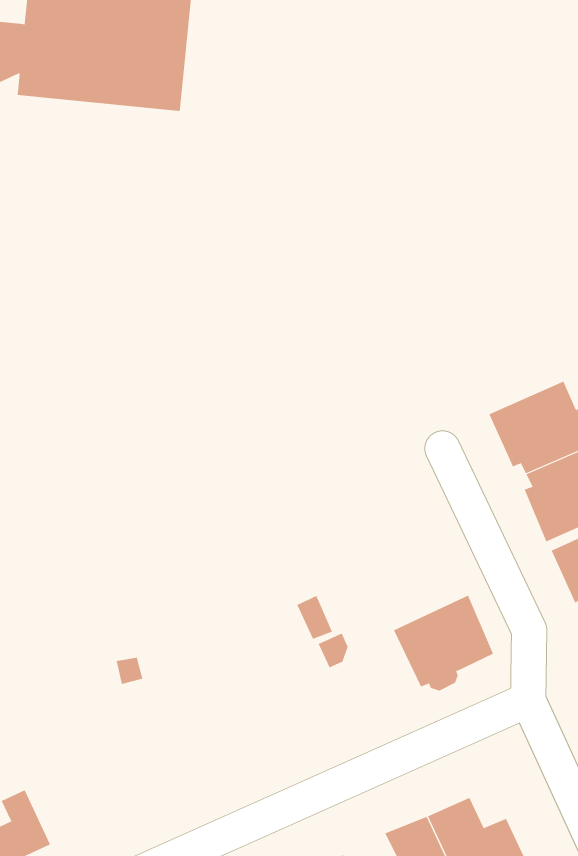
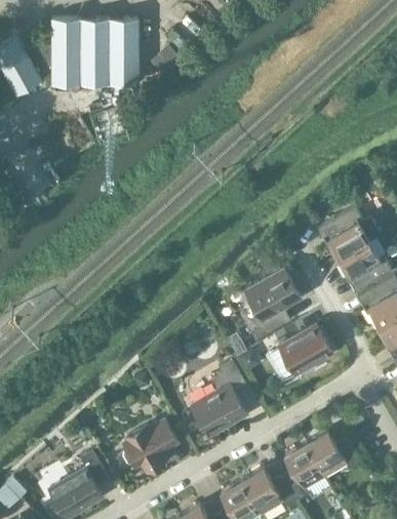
building: none -> [240,268,301,342]
building: none -> [191,361,247,437]
building: none -> [123,422,177,473]

